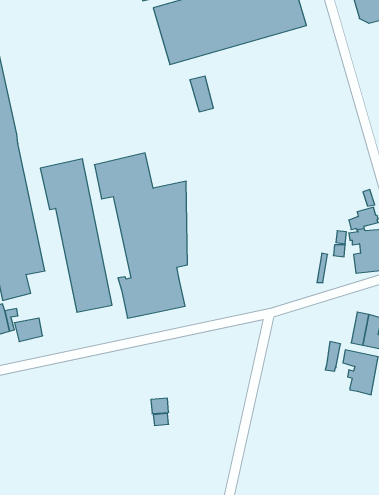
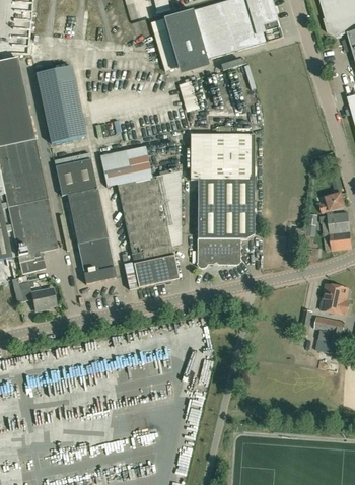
building: none -> [36,65,86,142]
building: none -> [191,133,255,266]

